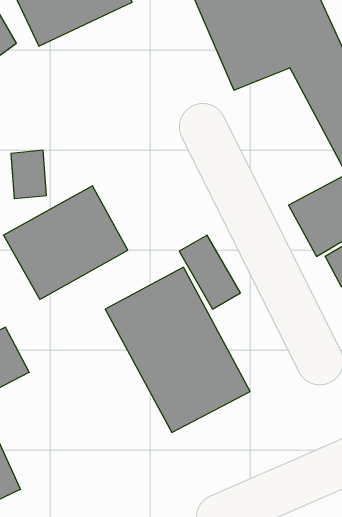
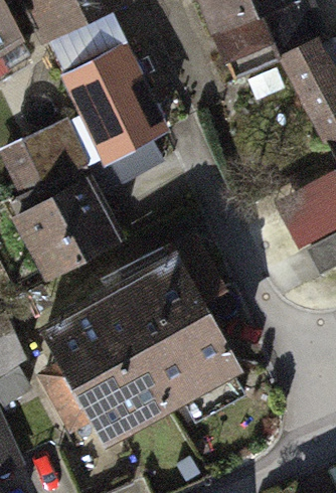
building: none -> [60,46,173,167]
building: none -> [33,294,169,449]

